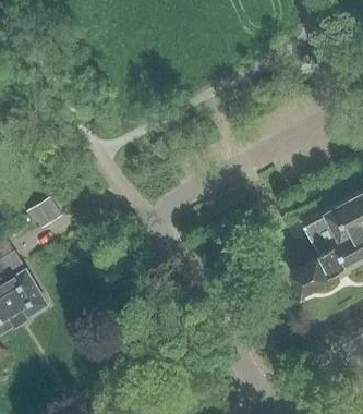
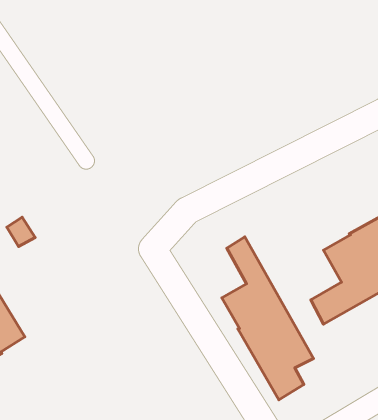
building: none -> [222,237,314,400]

